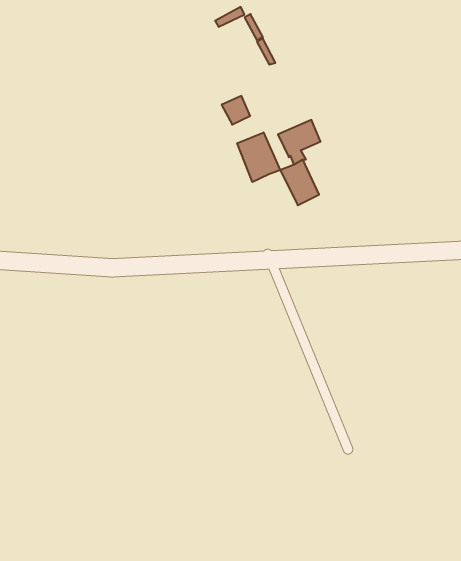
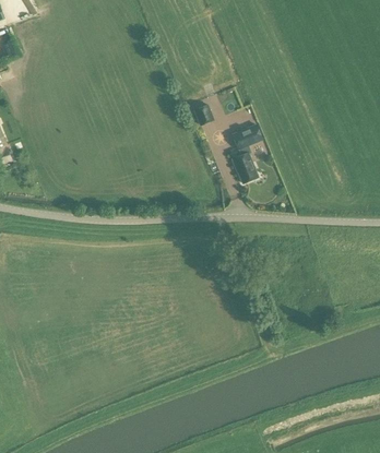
building: [237,132,280,182] -> none

